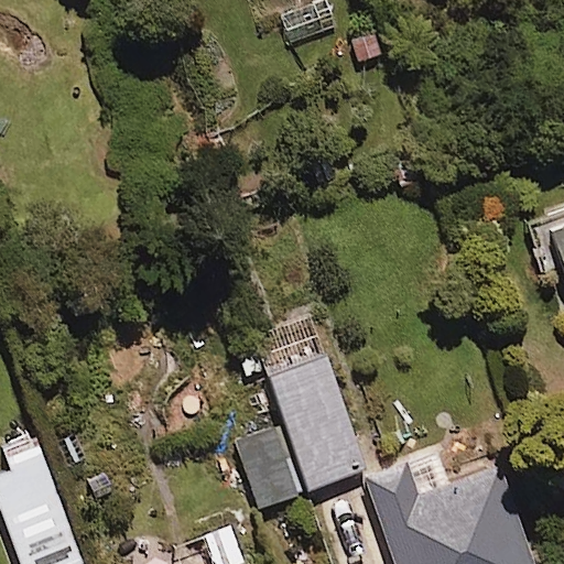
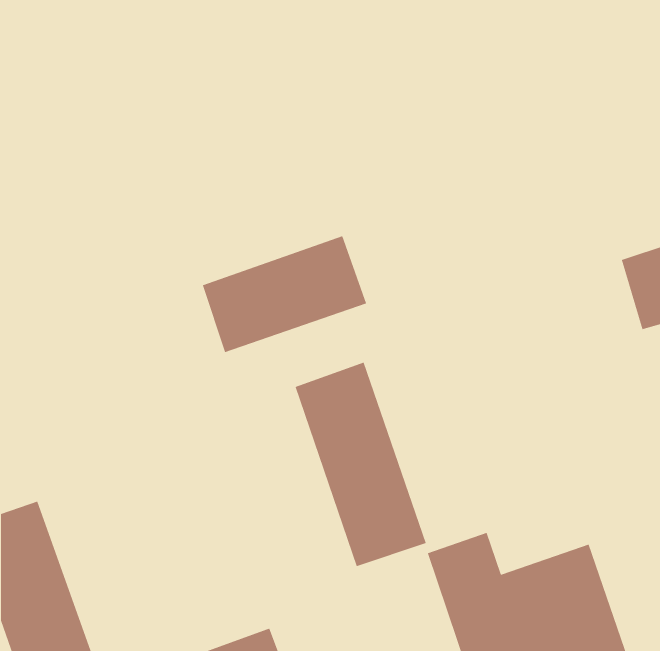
building: none -> [202,235,367,353]
building: [231,424,301,513] -> none

